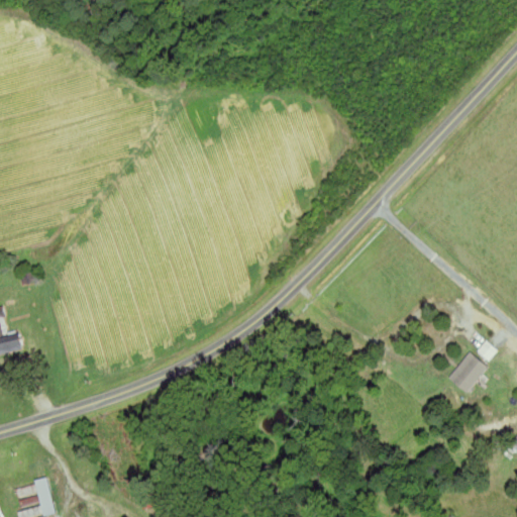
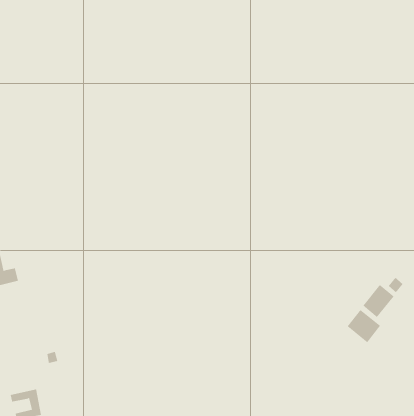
building: none -> [347,309,381,343]

